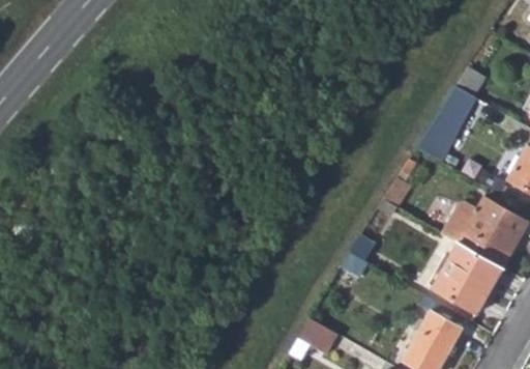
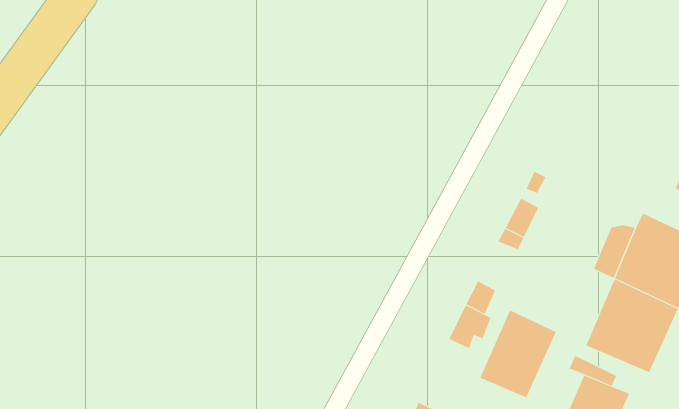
building: [416,84,476,162] -> none
building: none -> [480,310,557,398]

